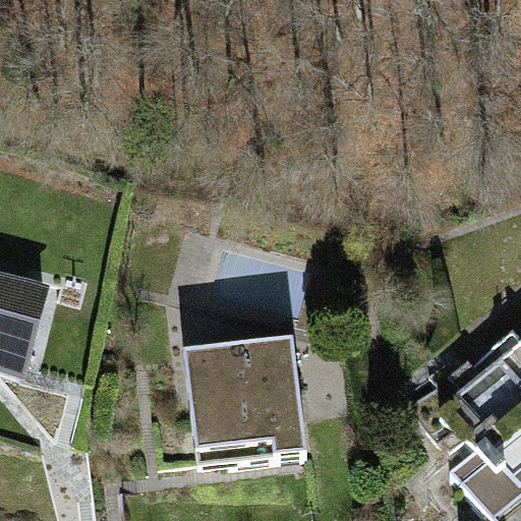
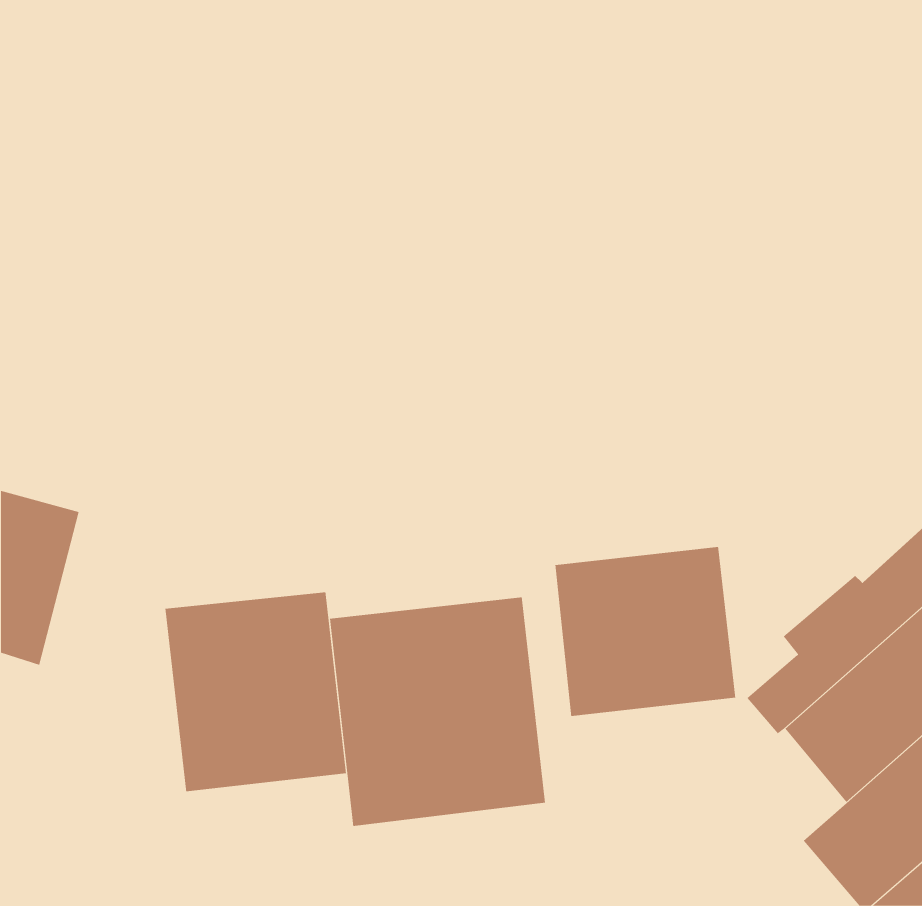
building: none -> [555,546,736,717]
building: none -> [165,591,346,792]

